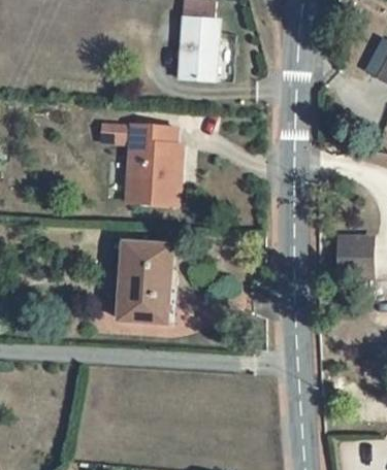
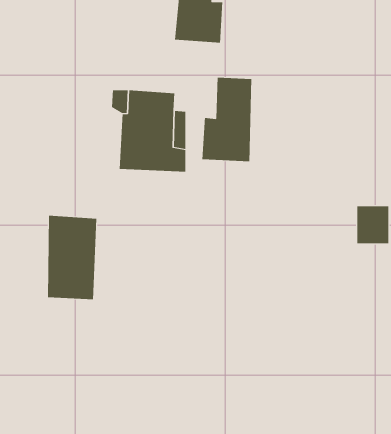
building: none -> [202,77,252,162]
building: [120,241,167,322] -> [47,215,97,300]

